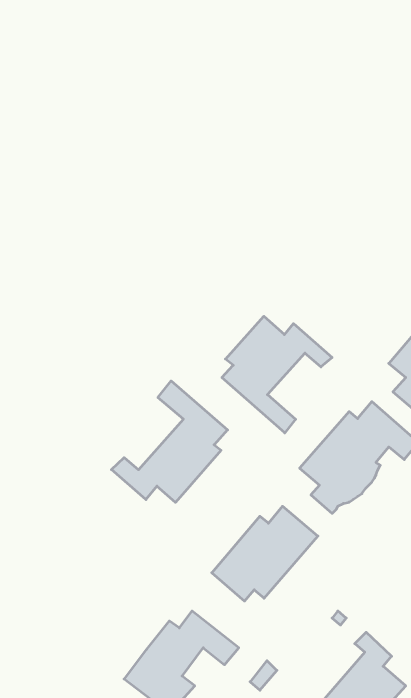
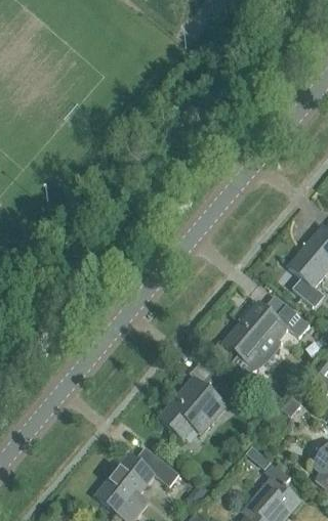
building: [222,316,332,433] -> none
building: [111,381,228,502] -> none

